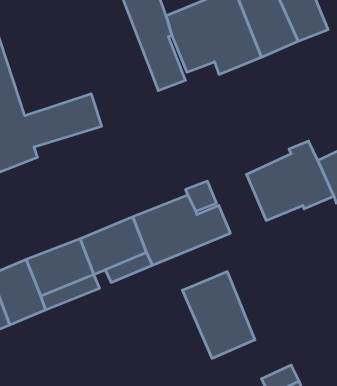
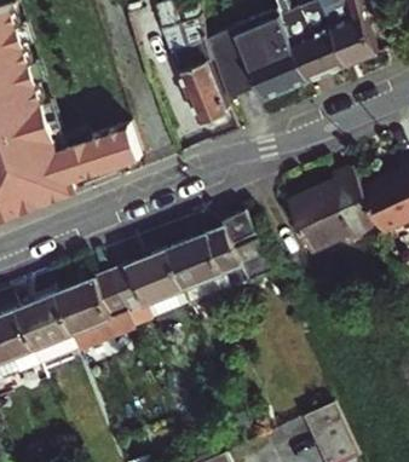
building: [182,272,255,358] -> none

